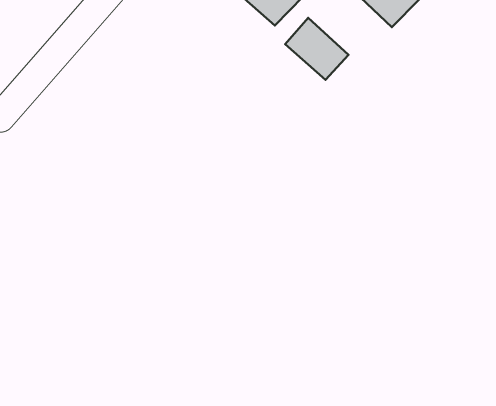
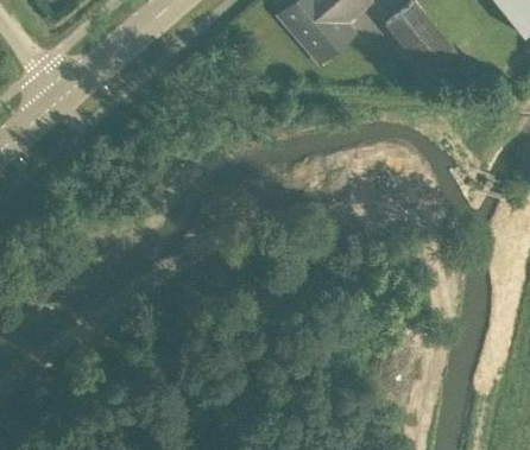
building: [285,18,348,80] -> none

